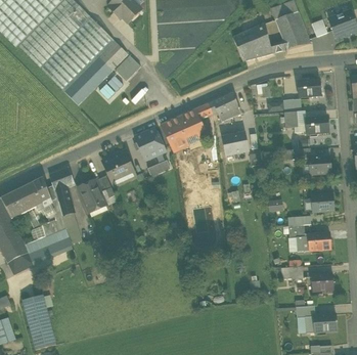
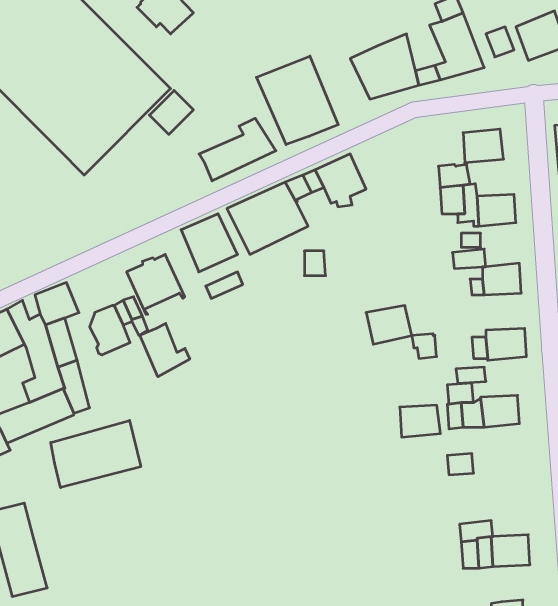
building: none -> [256,56,338,145]
building: none -> [199,118,276,181]
building: [222,132,249,154] -> [366,306,412,344]
building: none -> [140,323,190,377]
building: none -> [51,420,141,488]
building: [311,273,334,292] -> [400,405,440,437]

